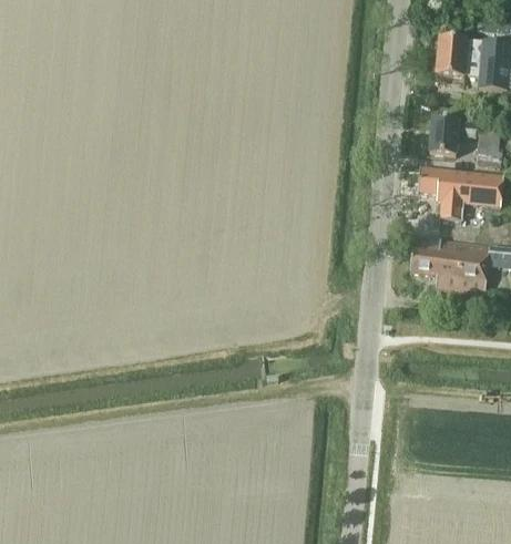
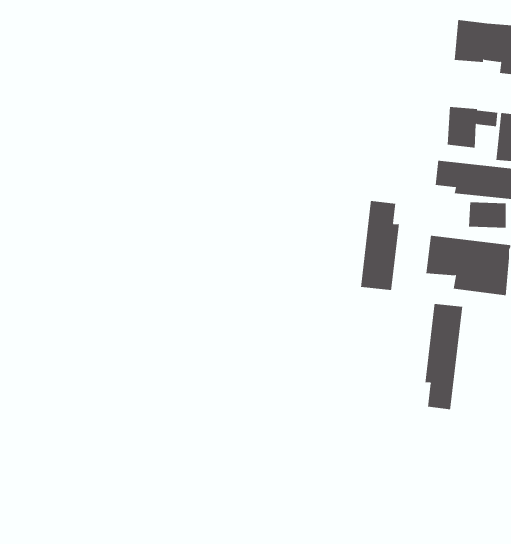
building: none -> [360,200,400,291]
building: none -> [425,303,463,410]

